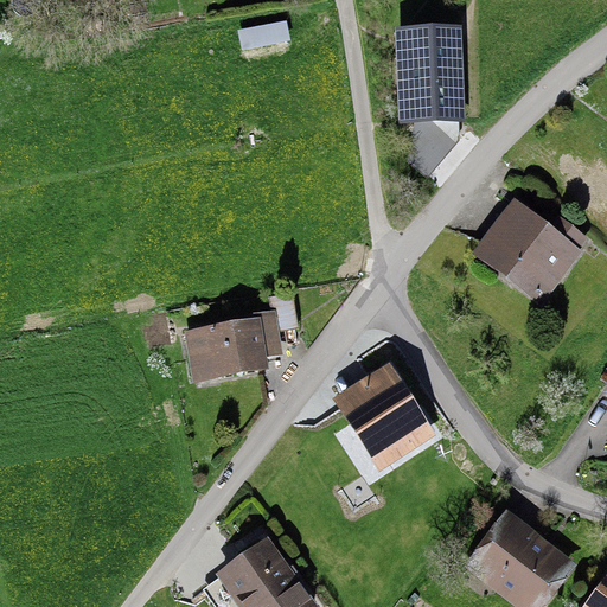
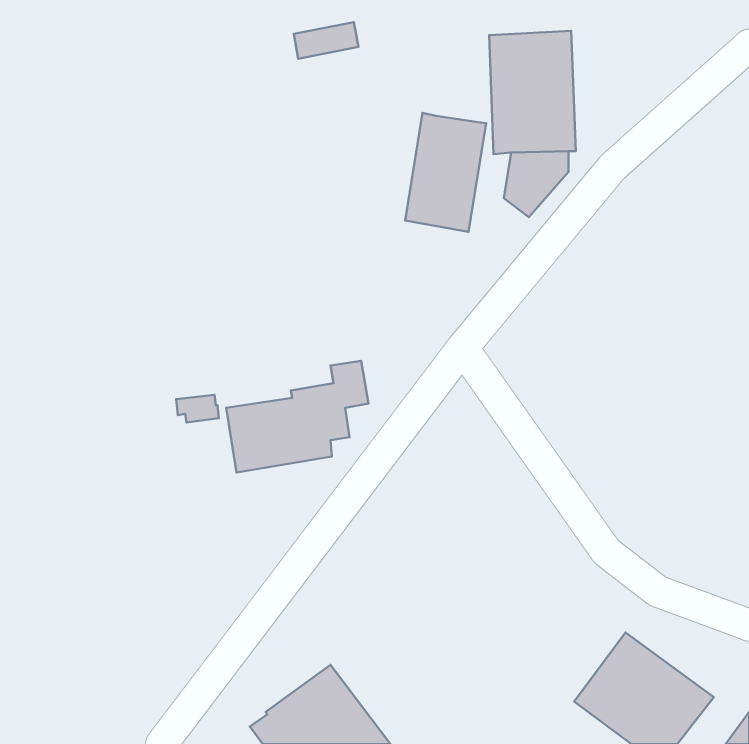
building: none -> [405,113,486,232]
building: [471,197,588,305] -> none
building: [331,363,434,475] -> none

